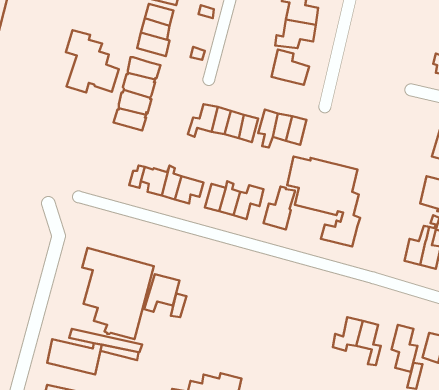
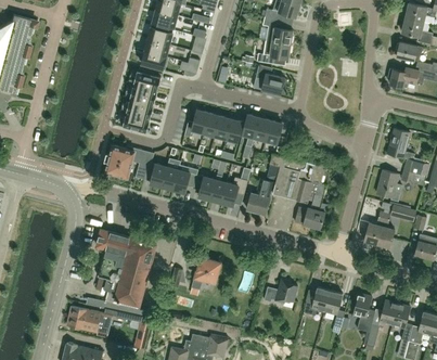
building: [66,30,119,93] -> none
building: none -> [105,145,134,178]
building: [144,274,179,312] -> [192,257,221,288]
building: none -> [264,279,298,304]

